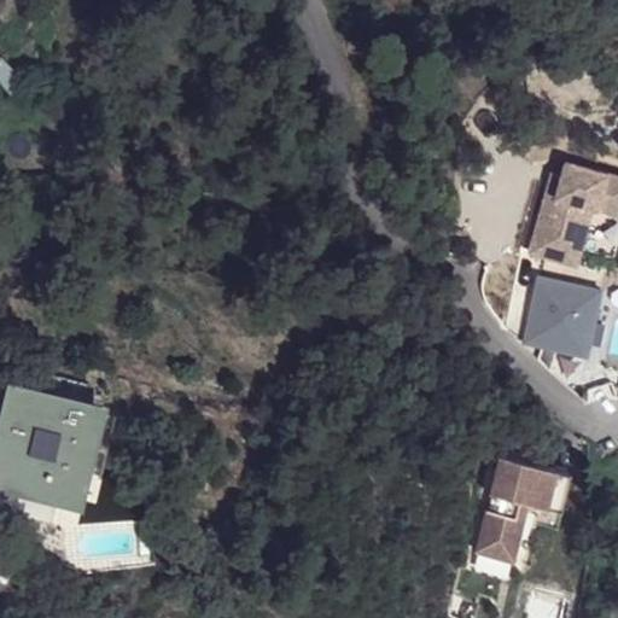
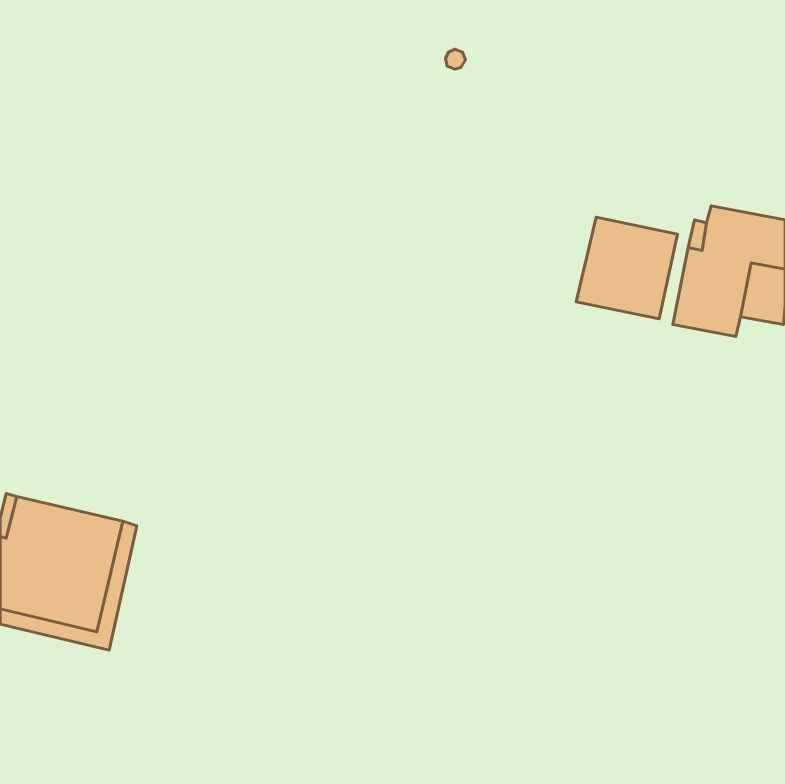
building: [521,275,601,355] -> [576,217,677,319]
building: [480,457,575,561] -> none

